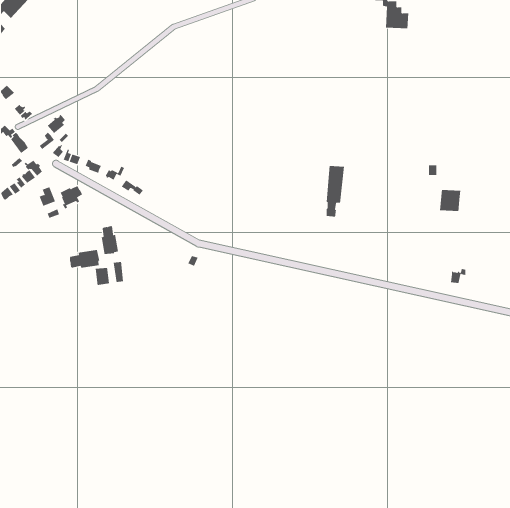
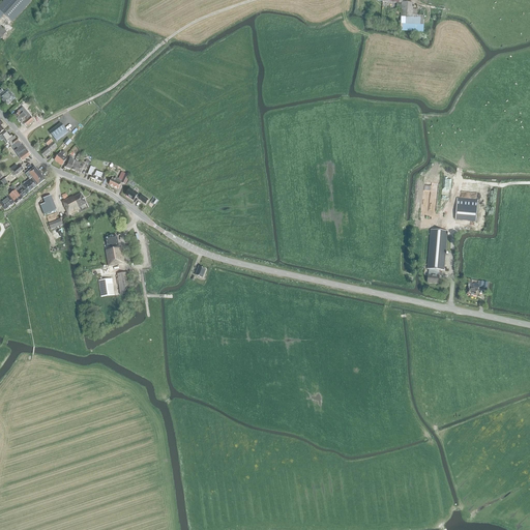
building: [326,165,345,217] -> [428,229,447,283]
building: [69,249,100,269] -> none

